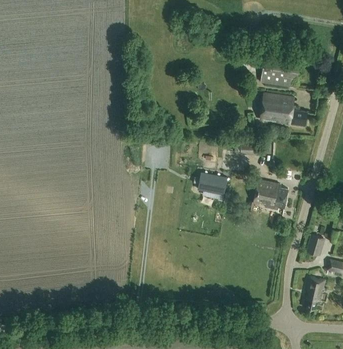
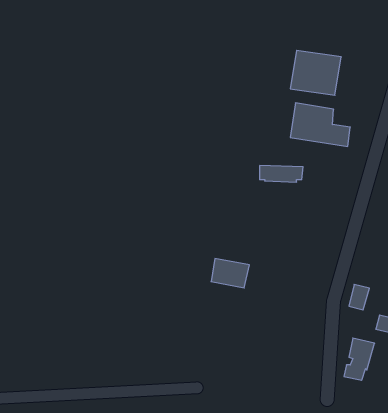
building: [197,172,227,195] -> [211,259,249,288]
building: [254,181,288,209] -> none

